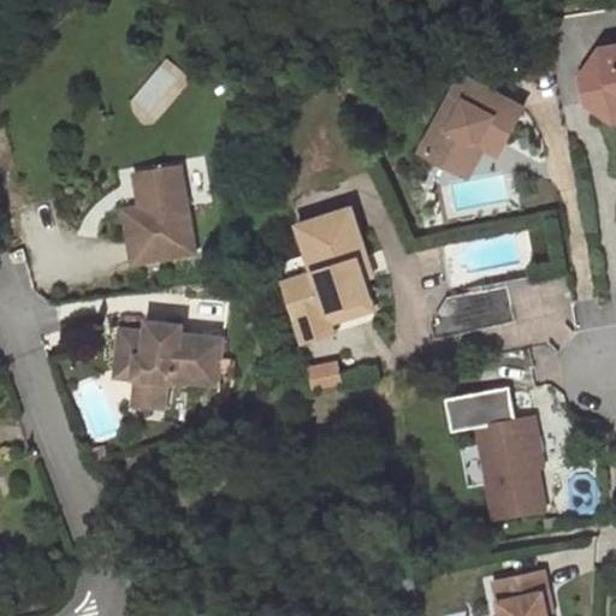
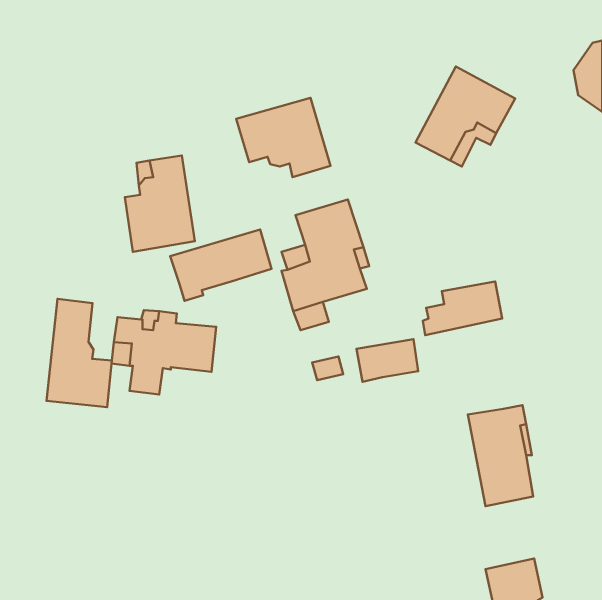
building: none -> [236,98,331,177]
building: none -> [170,230,272,301]
building: none -> [46,299,112,407]
building: [448,389,510,432] -> [356,339,418,382]

